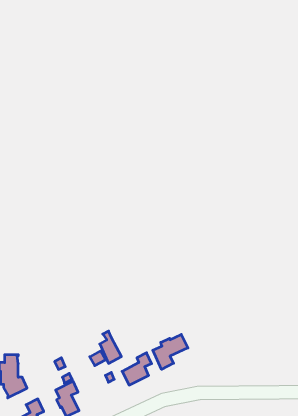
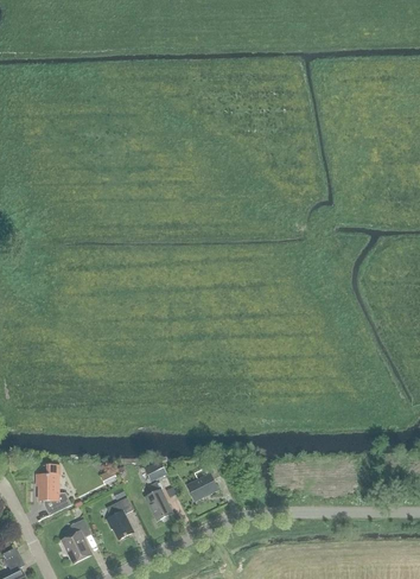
building: [100,331,121,363] -> [146,481,172,520]
building: [153,334,188,369] -> none

